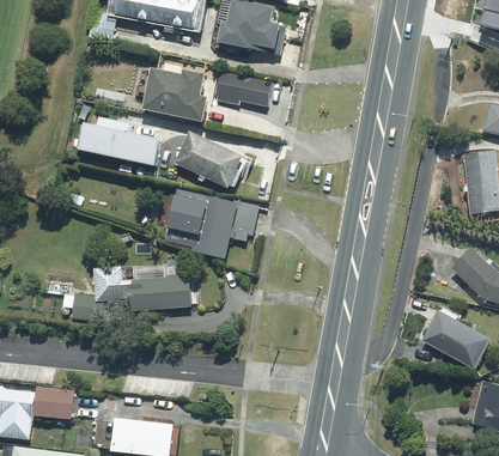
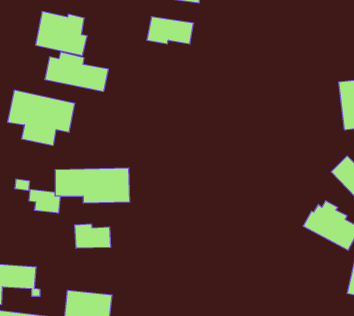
building: [147,66,213,122] -> [36,11,87,55]
building: [177,130,248,190] -> none
building: [172,188,258,259] -> [8,90,75,145]
building: none -> [75,224,110,248]

